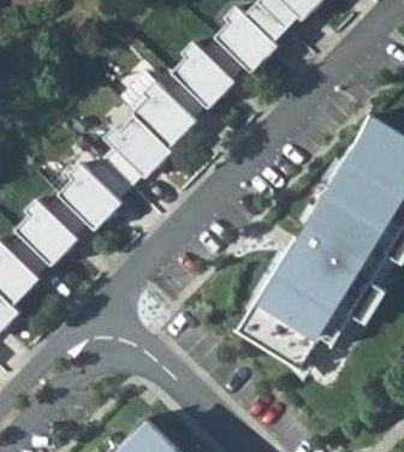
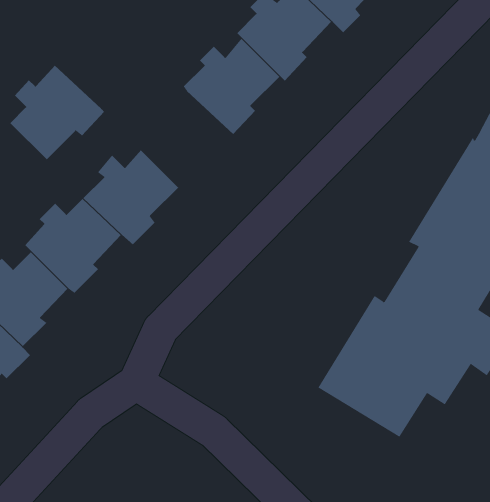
building: [106,111,177,182] -> [9,65,105,160]

